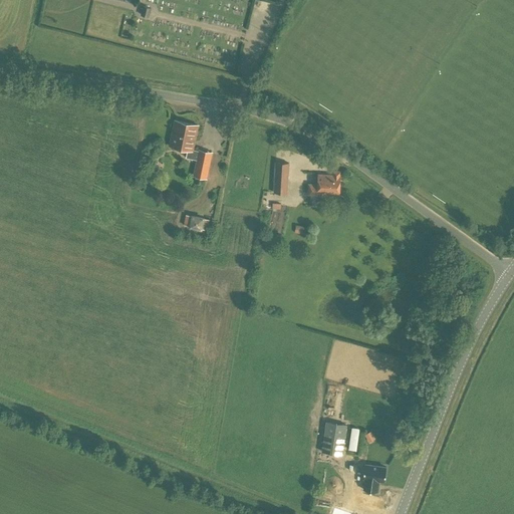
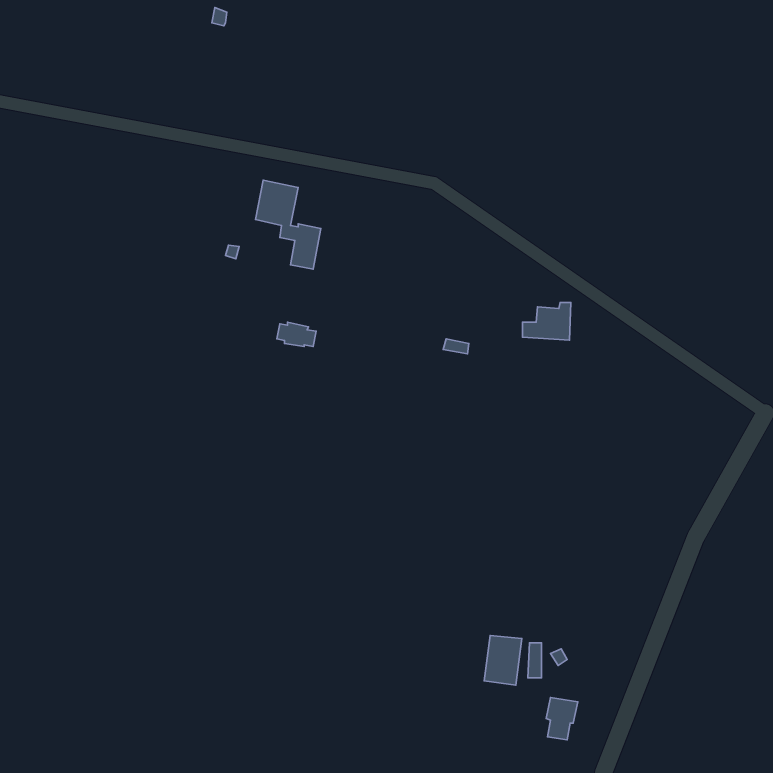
building: [273,162,289,193] -> none
building: [308,171,340,196] -> [522,302,571,340]

